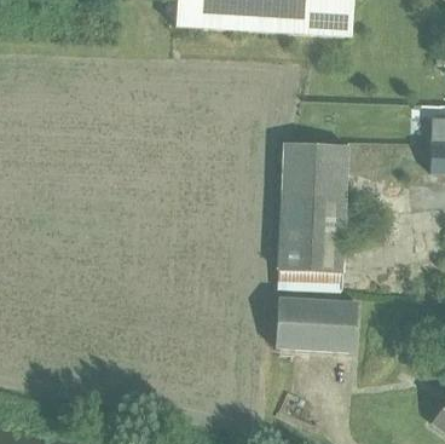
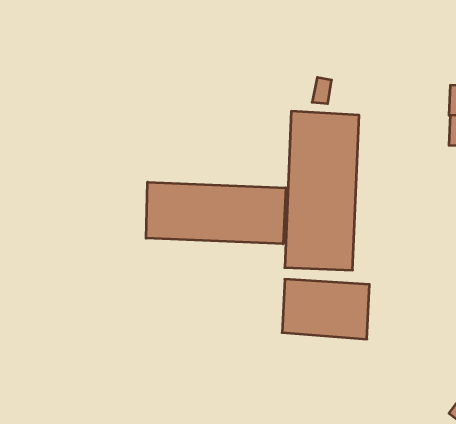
building: none -> [146,182,286,244]

